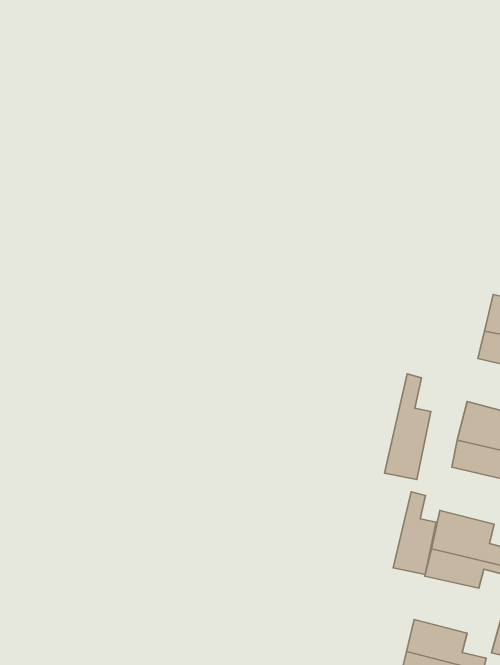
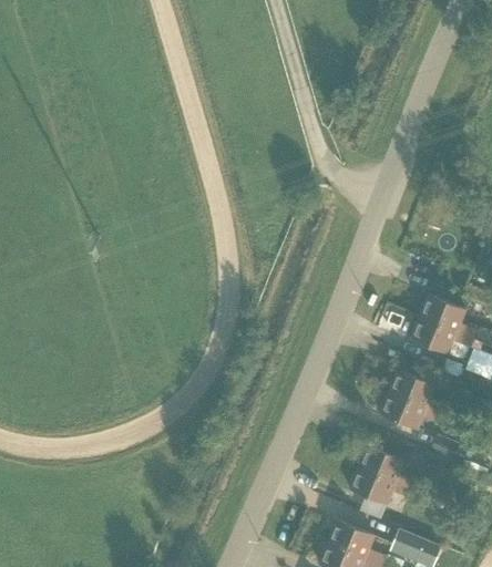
building: [385,374,431,479] -> none
building: [393,492,436,575] -> none

